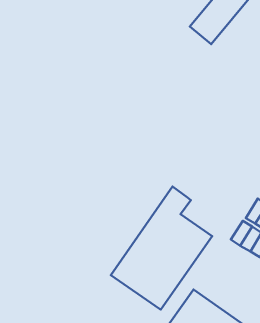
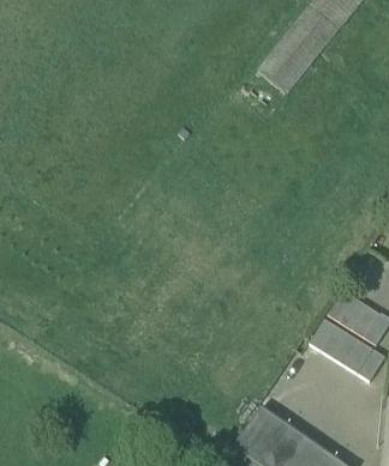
building: [111,187,212,309] -> none

